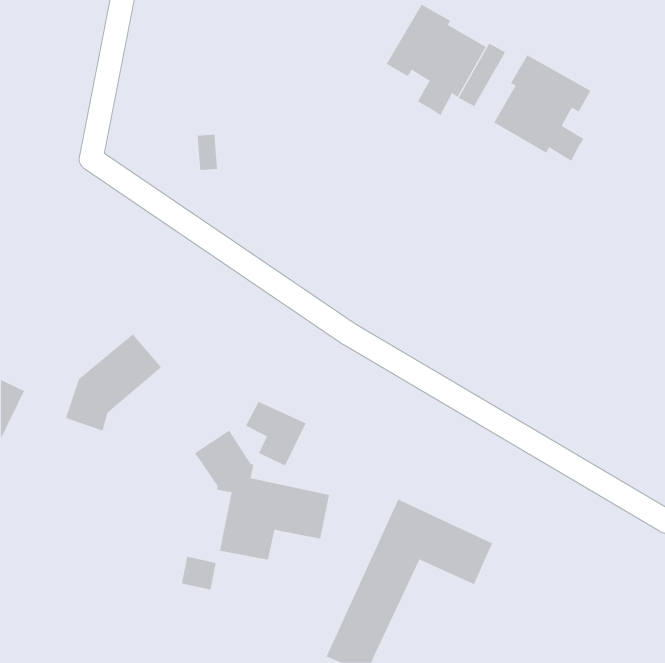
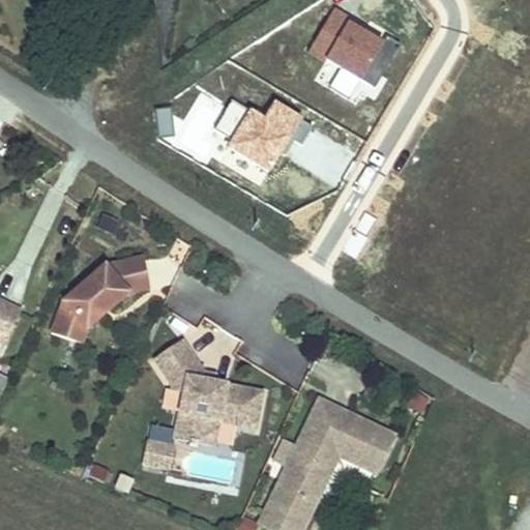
building: [494,55,591,162] -> none
building: none -> [217,98,302,168]
building: none -> [107,257,151,292]

